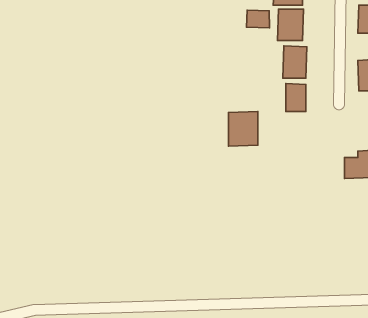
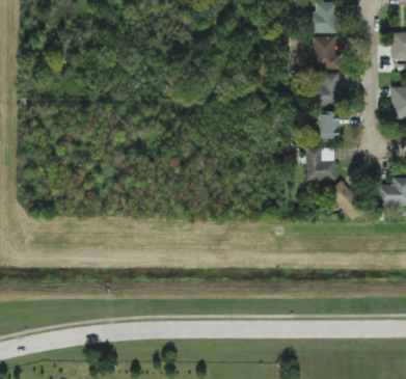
building: [247,10,269,28] -> none
building: [229,112,258,146] -> [306,146,335,181]
building: none -> [328,181,361,214]

